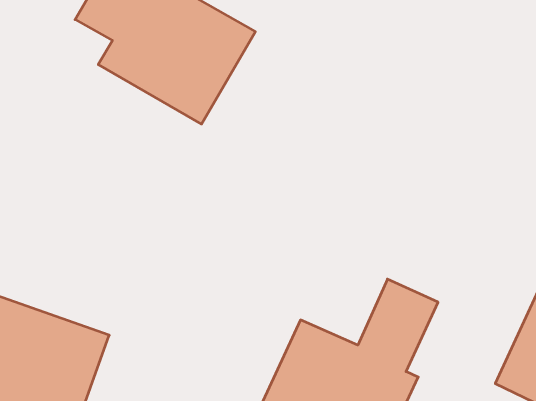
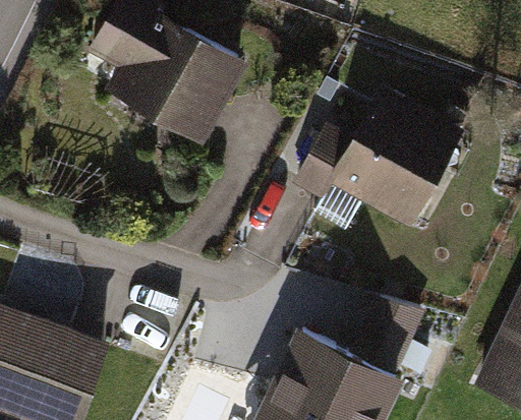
building: none -> [290,91,460,229]

